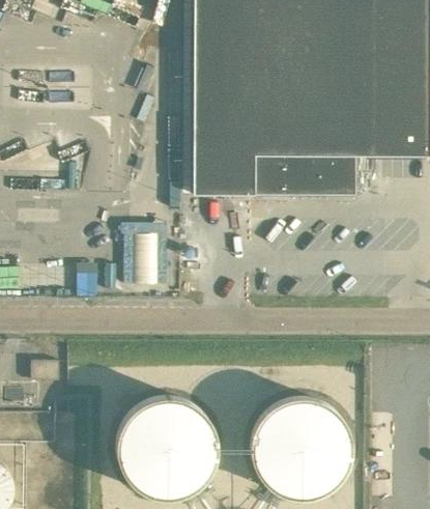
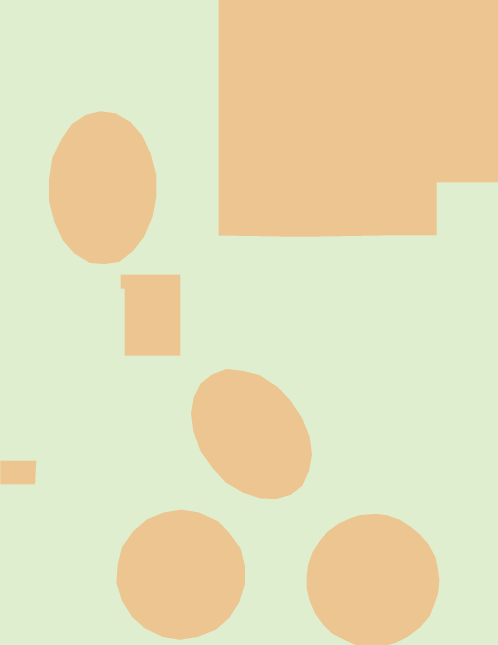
building: none -> [48,111,157,265]
building: none -> [190,368,313,500]

